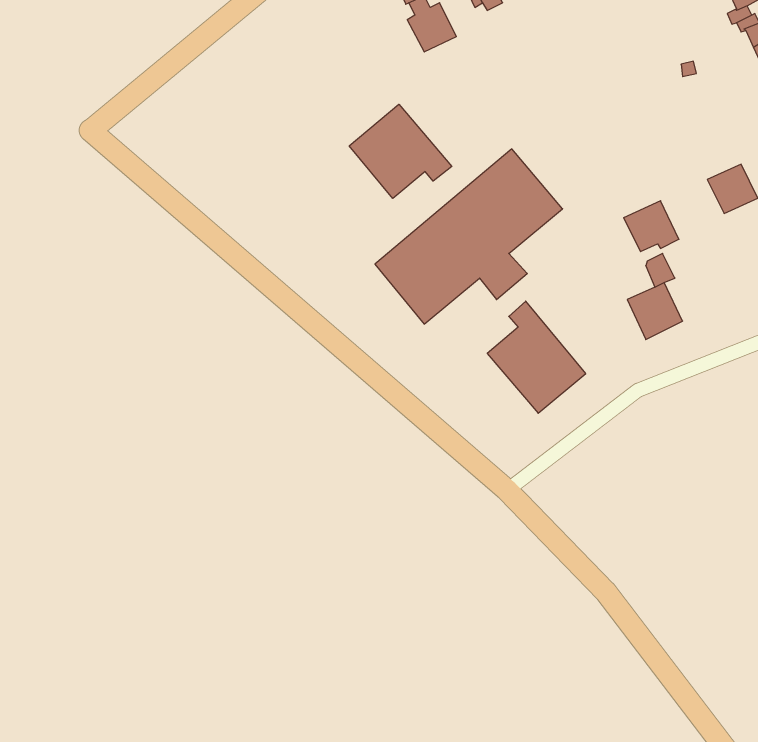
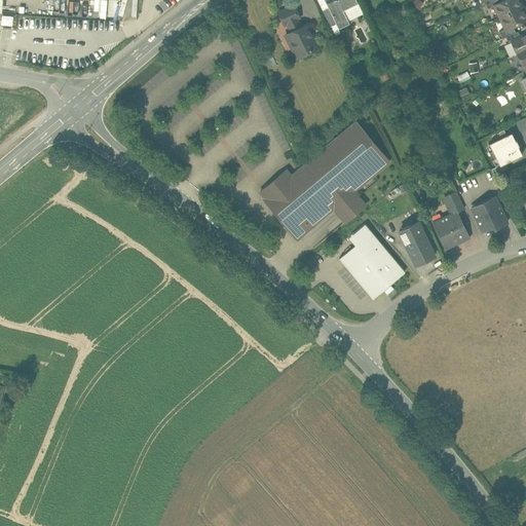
building: [349,104,452,198] -> none
building: [624,201,679,252] -> [471,197,508,231]
building: none -> [399,222,435,265]

